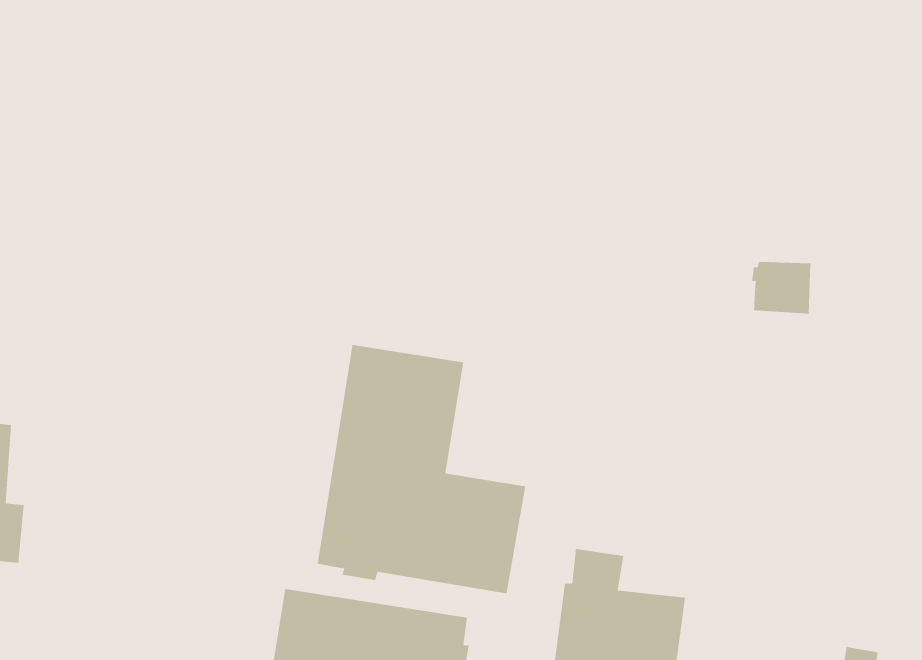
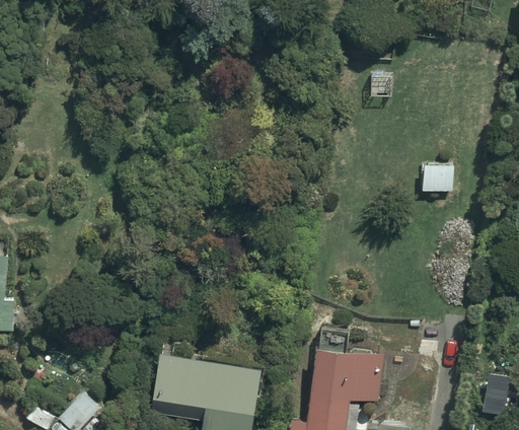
building: [317,344,526,594] -> none

